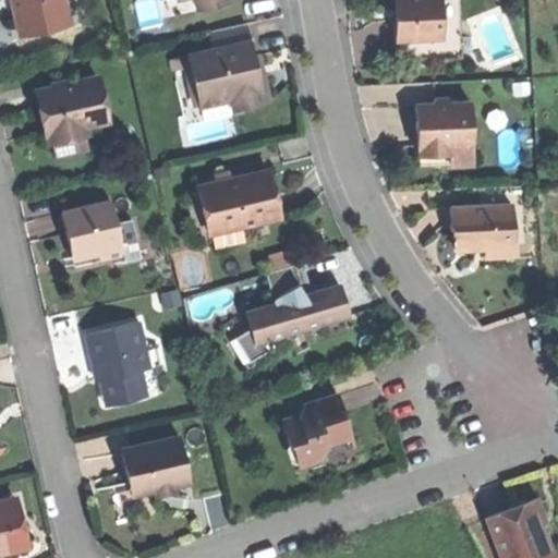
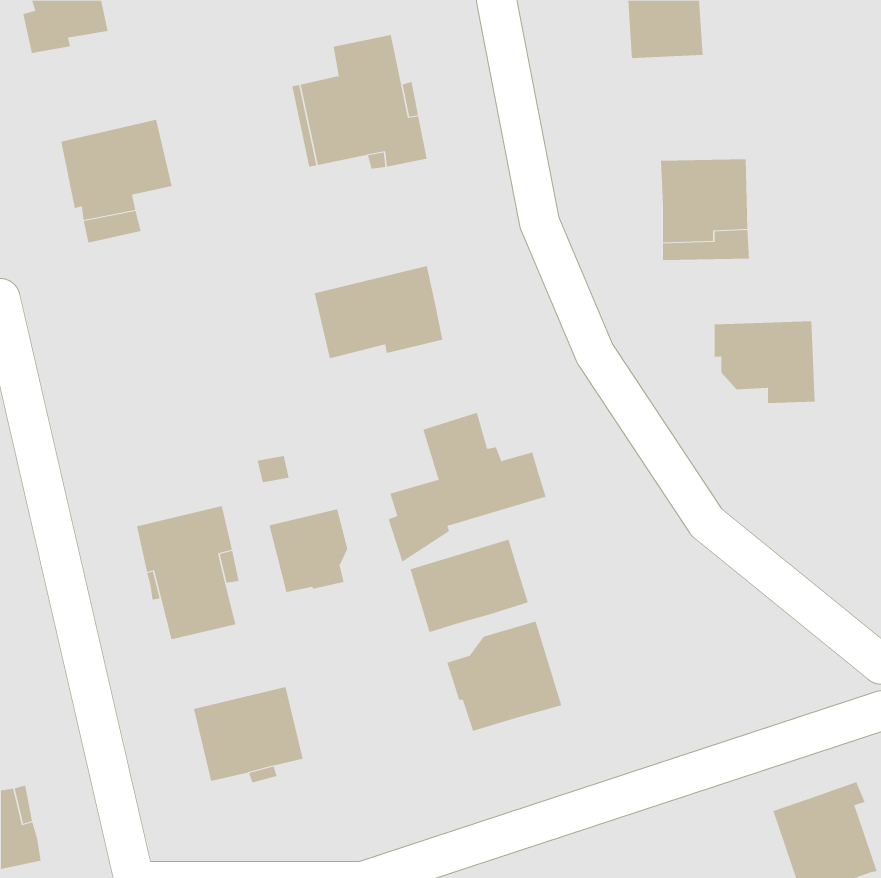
building: [62,201,124,260] -> none
building: none -> [269,508,348,593]
building: none -> [410,539,528,633]

